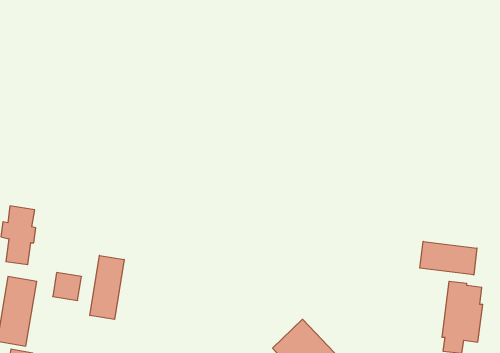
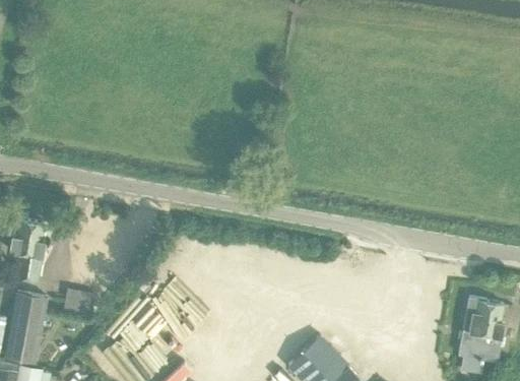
building: [420,241,477,275] -> none
building: [90,255,124,319] -> none

